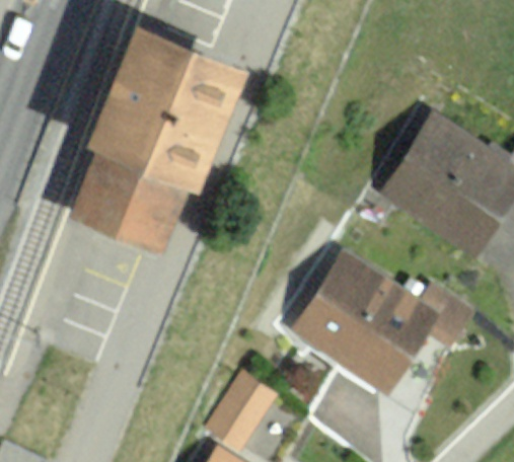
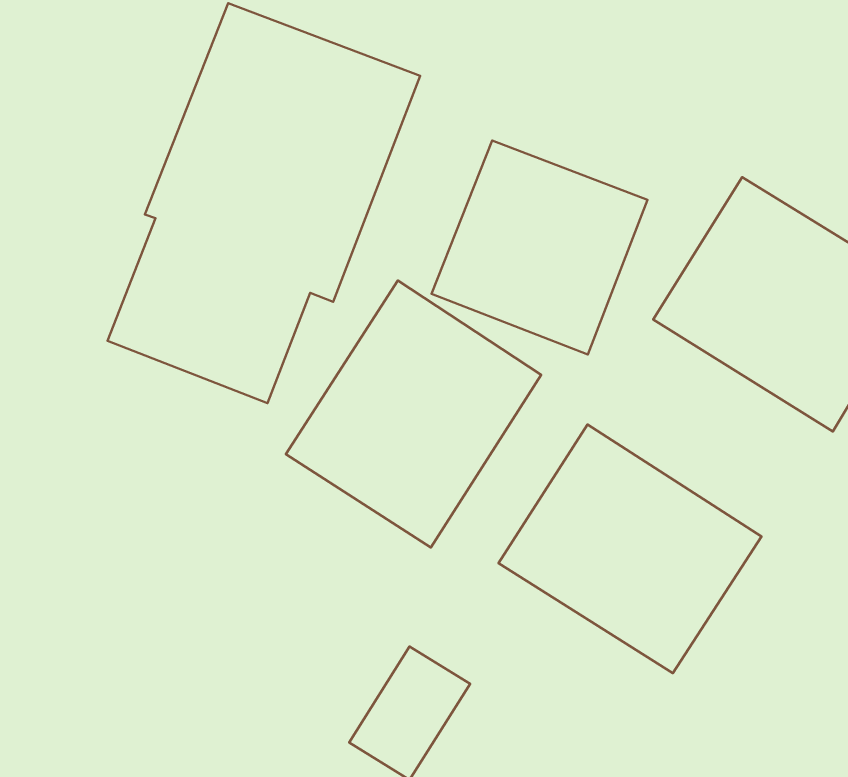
building: none -> [431,140,648,354]
building: none -> [286,281,541,547]

